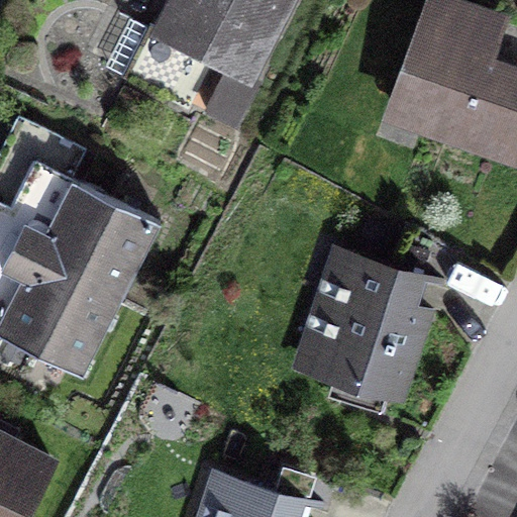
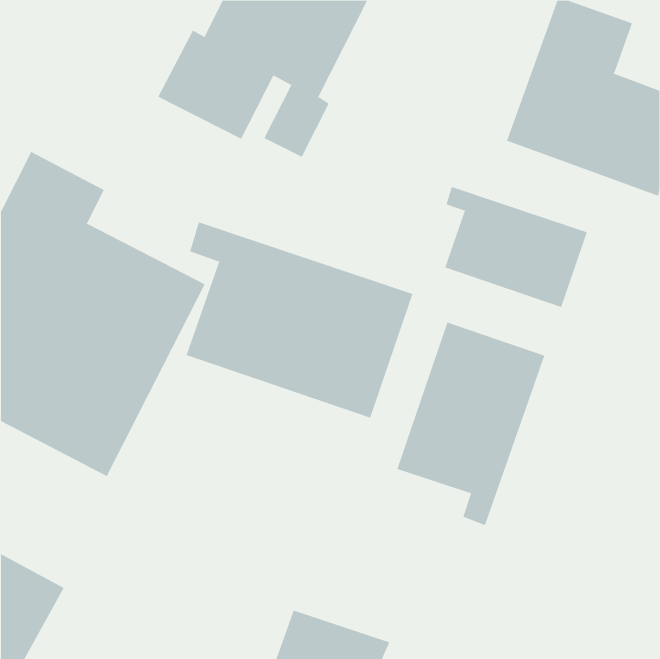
building: none -> [444,186,587,308]
building: none -> [186,222,413,419]

